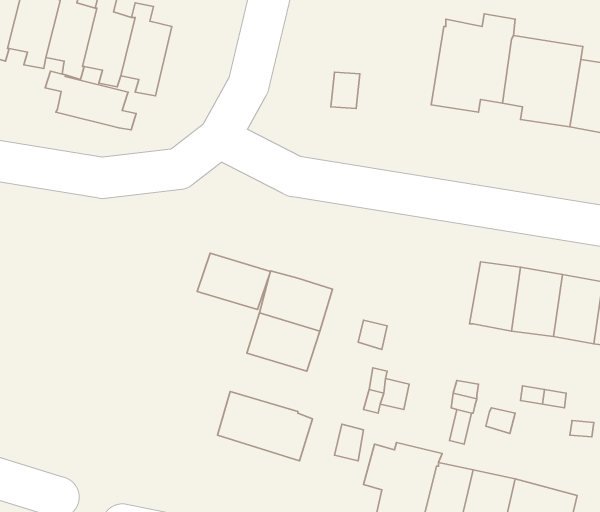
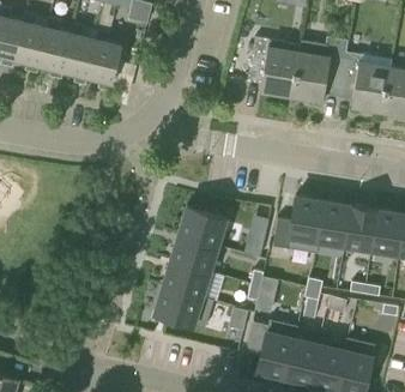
building: none -> [249,37,300,97]
building: [45,71,136,130] -> none
building: [197,253,270,310] -> [162,260,210,297]
building: none -> [273,195,324,247]

